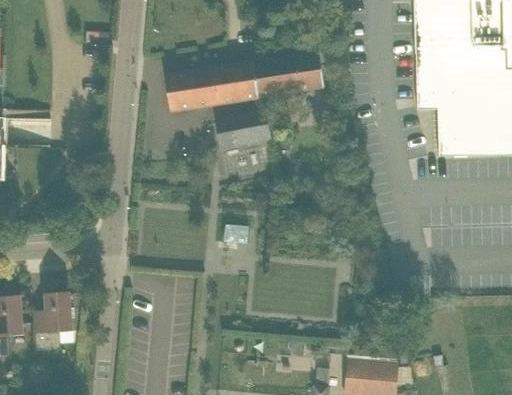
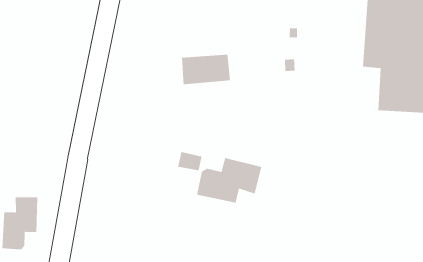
building: [165,51,324,110] -> none
building: none -> [196,157,262,204]

